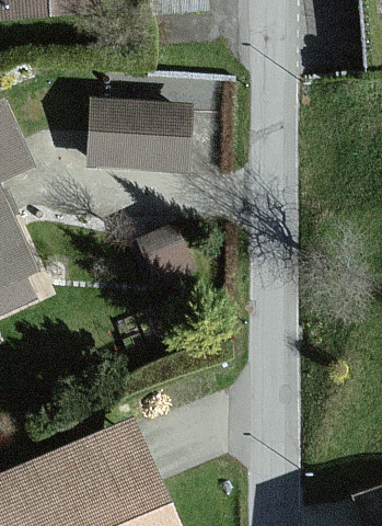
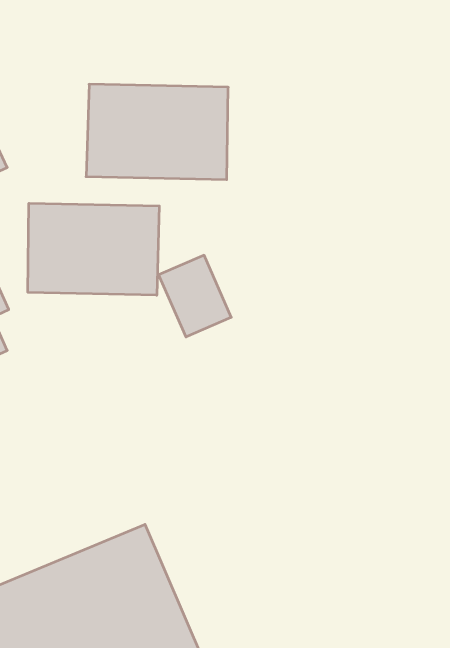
building: none -> [28,203,159,295]

